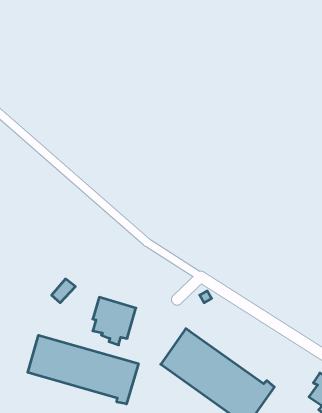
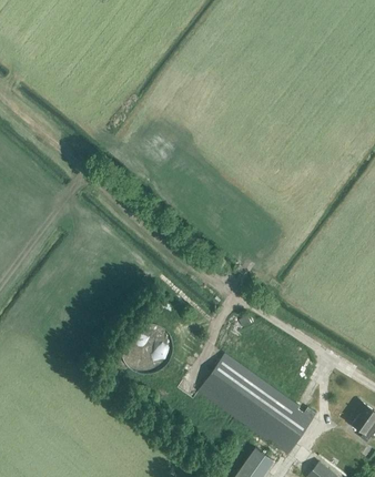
building: [28,335,138,404] -> none

